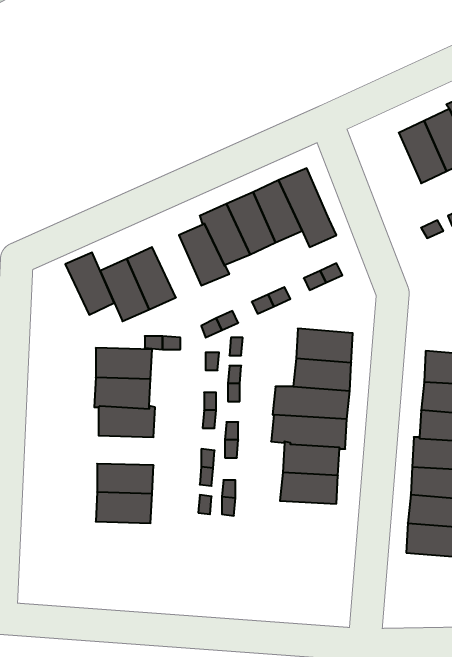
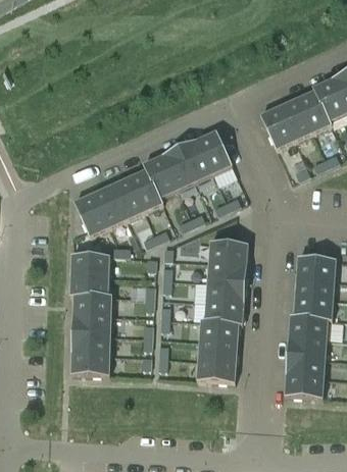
building: none -> [261,106,296,149]
building: [65,252,114,315] -> [111,176,145,219]
building: none -> [73,314,112,334]
building: none -> [198,359,238,382]

